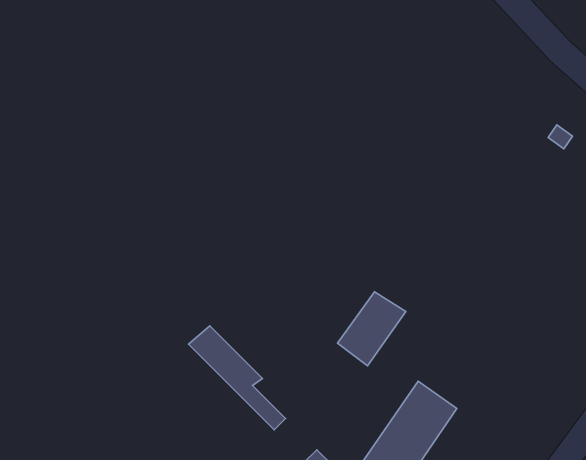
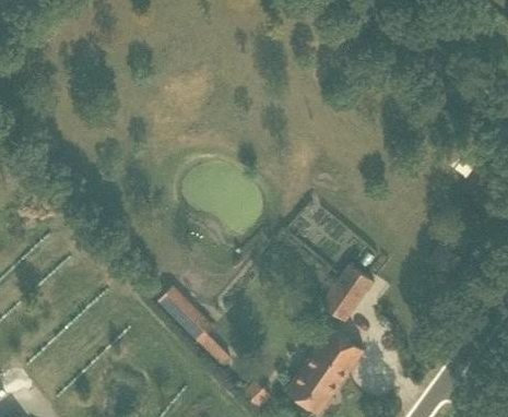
building: [337,292,406,366] -> [321,265,374,322]

